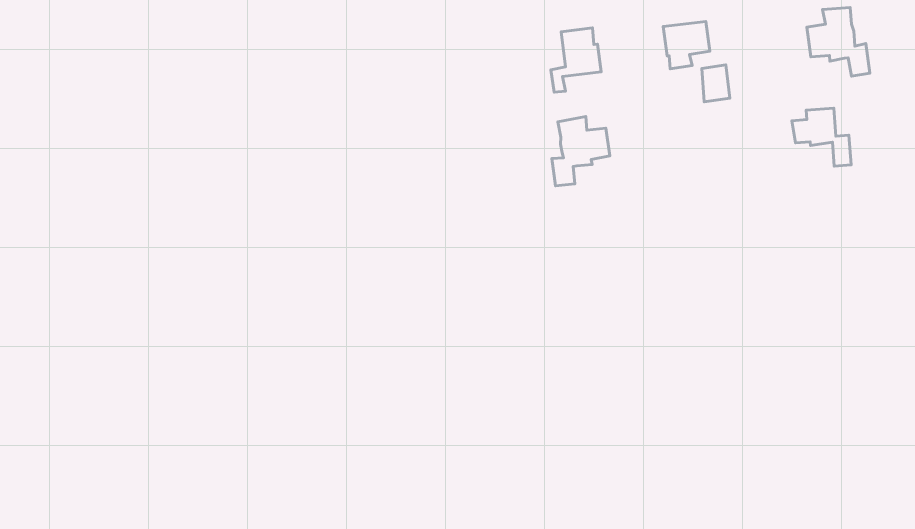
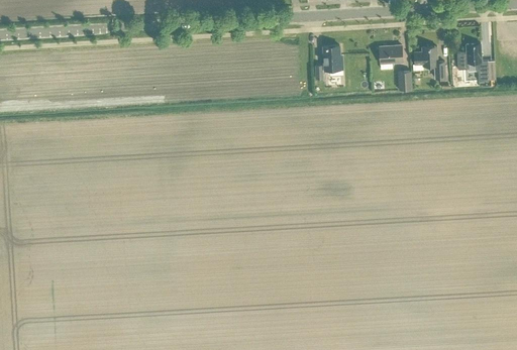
building: [792,108,851,166] -> [414,47,444,79]
building: [552,116,610,186] -> none

